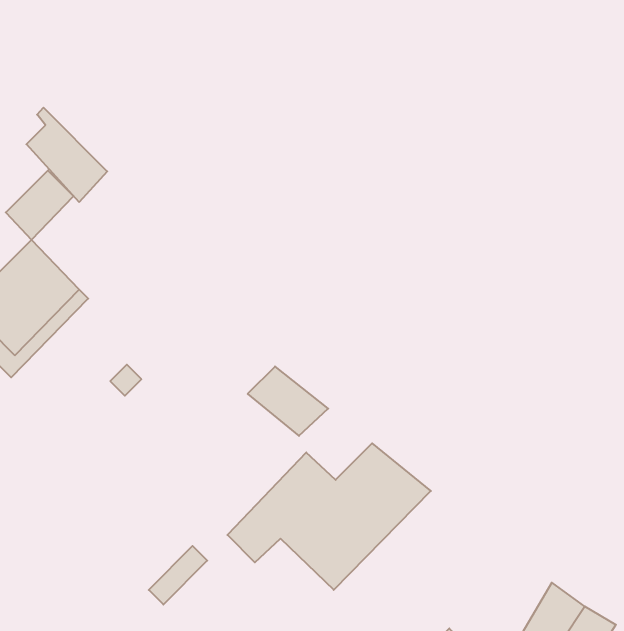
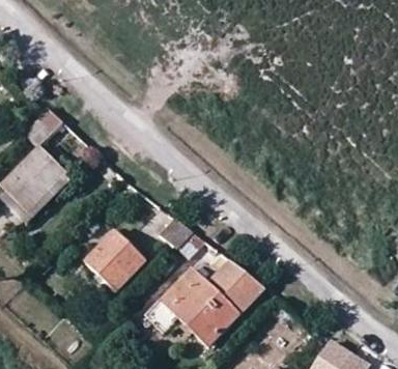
building: [26,108,107,202] -> none
building: none -> [84,229,145,289]

